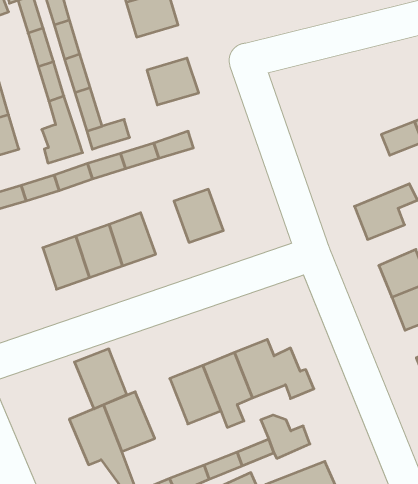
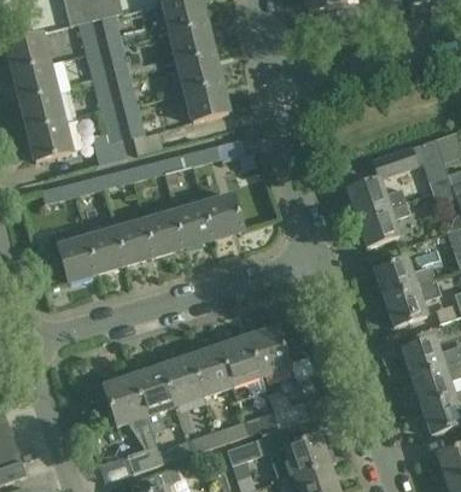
building: none -> [177,52,220,89]
building: none -> [342,176,404,216]
building: none -> [173,203,212,247]
building: none -> [57,236,97,281]
building: [74,349,127,409] -> [159,355,203,405]

